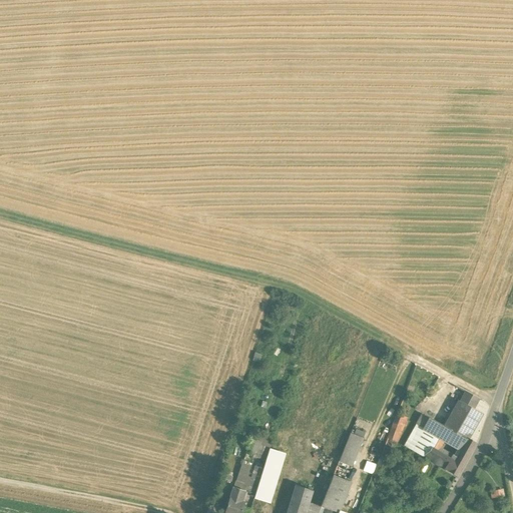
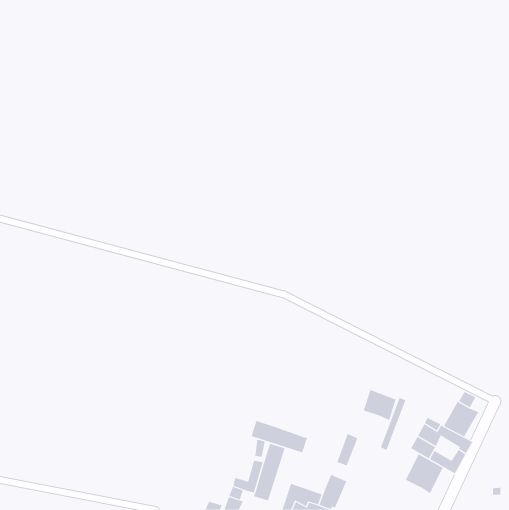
building: none -> [363,389,398,421]
building: none -> [251,420,308,453]
building: none -> [405,453,445,494]

